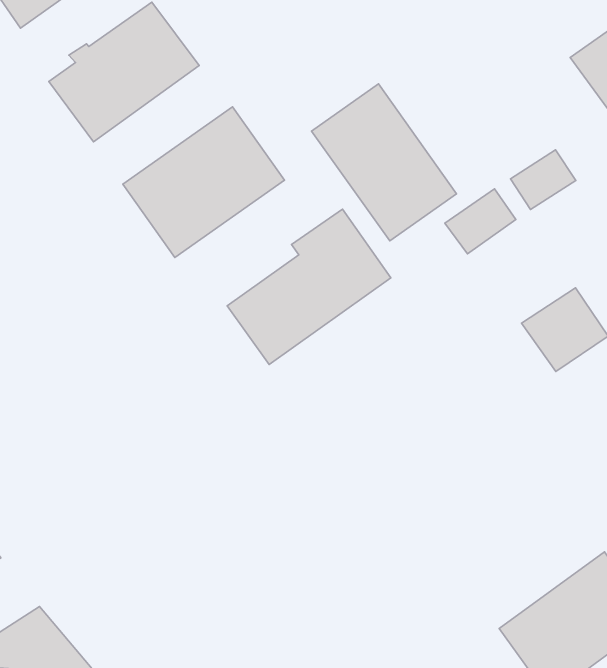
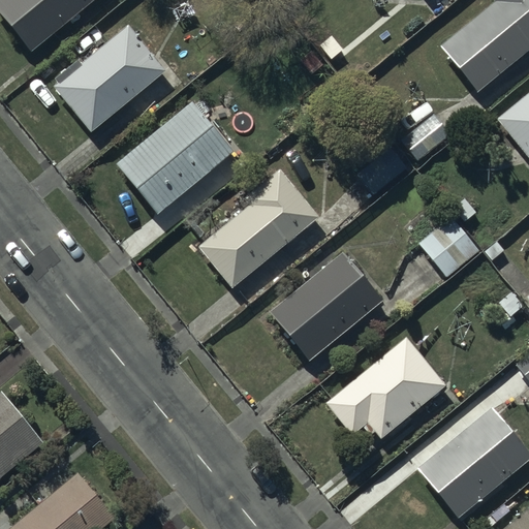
building: [312,84,457,241] -> none
building: none -> [269,253,383,363]
building: none -> [326,338,446,439]

